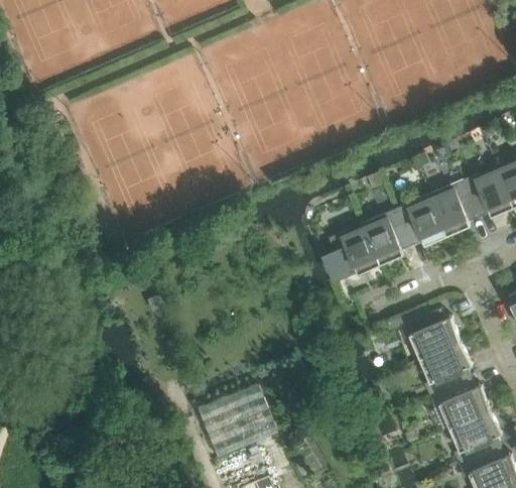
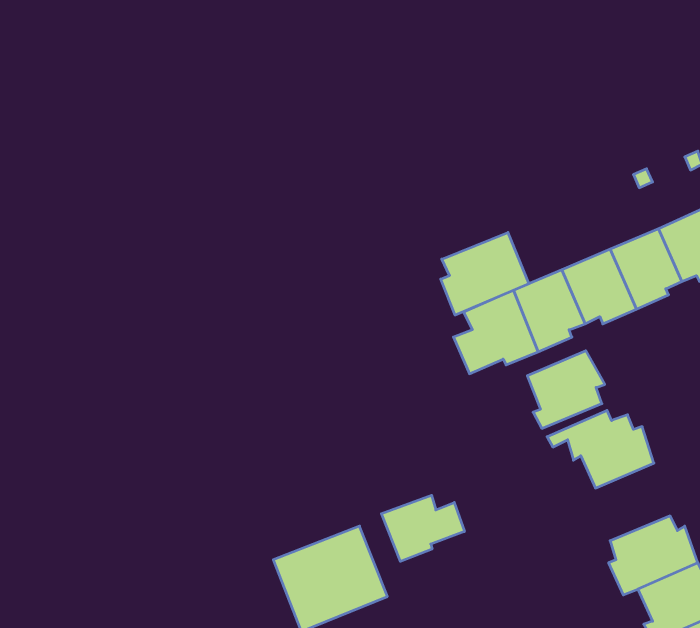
building: none -> [441,232,529,315]
building: [420,342,474,395] -> [527,351,605,428]
building: none -> [381,495,464,561]

